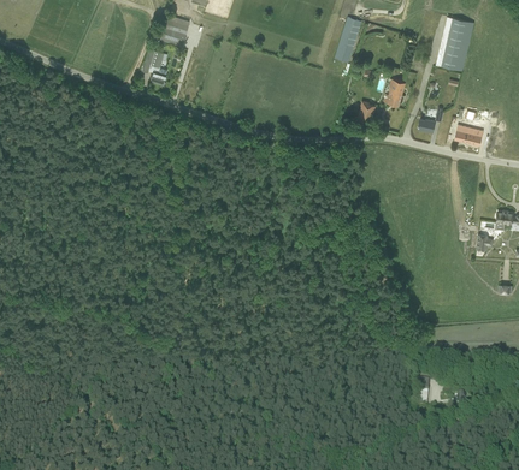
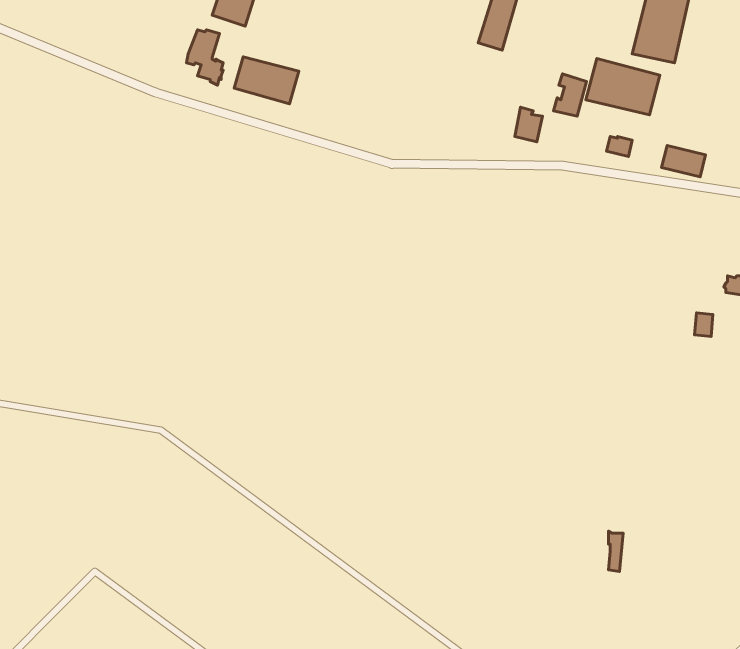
building: none -> [234,57,299,104]
building: none -> [586,59,660,115]

